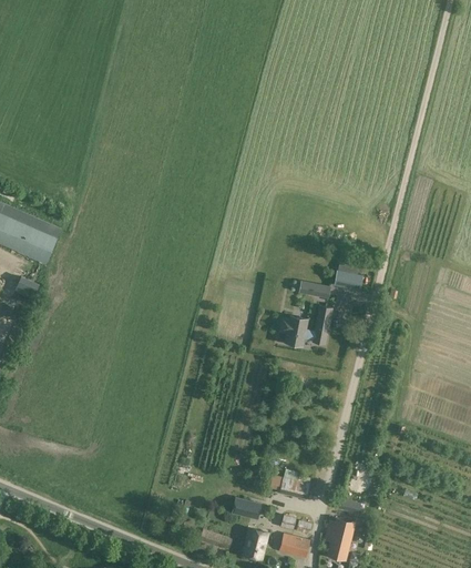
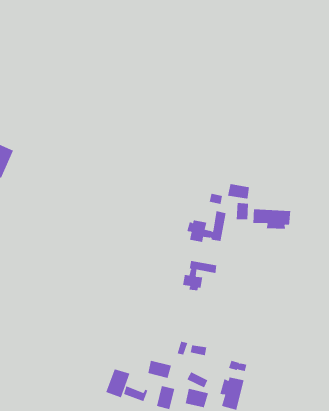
building: none -> [253,209,291,230]
building: none -> [182,260,217,291]
building: none -> [106,369,130,398]

